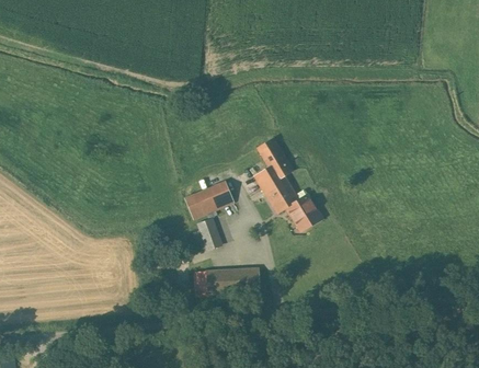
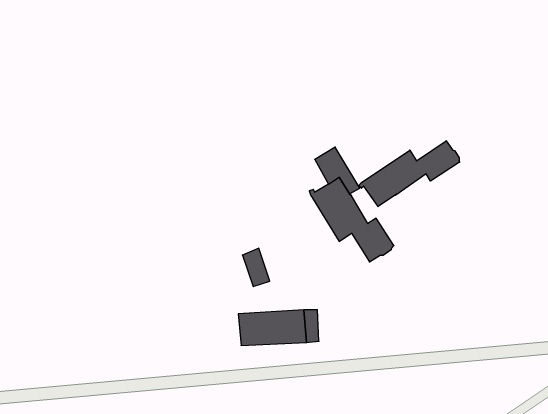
building: none -> [358,141,460,207]
building: [183,182,232,219] -> none

